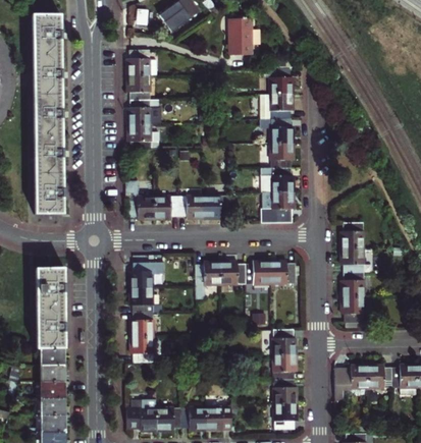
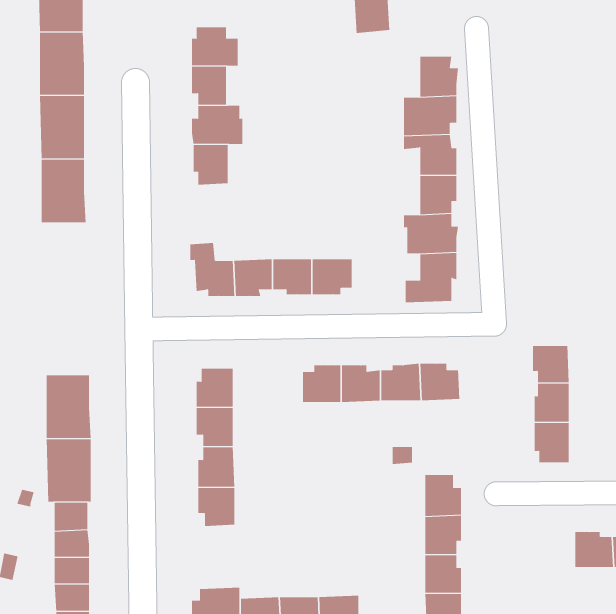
building: [34,173,62,214] -> none
building: [340,223,363,250] -> none
building: [334,366,367,401] -> none

